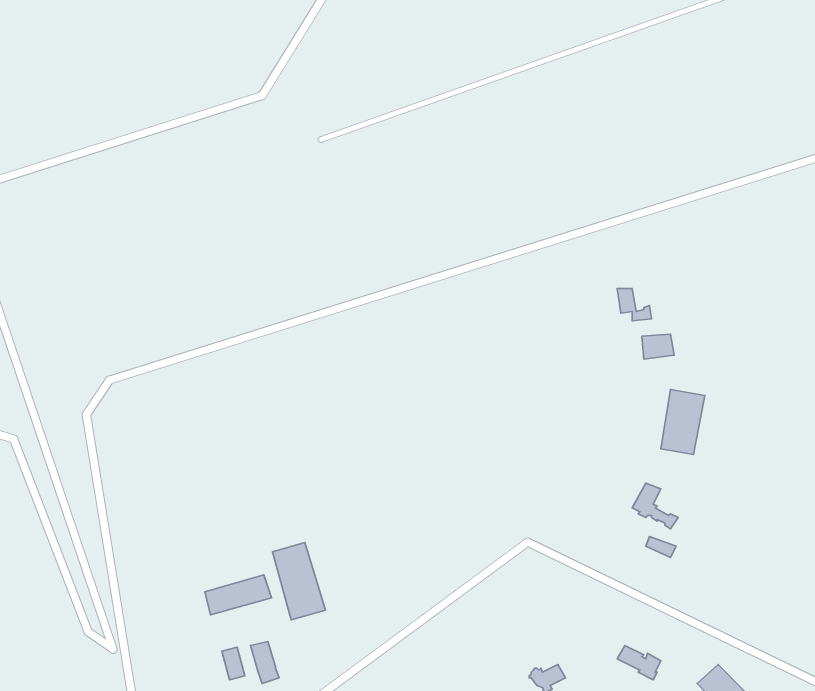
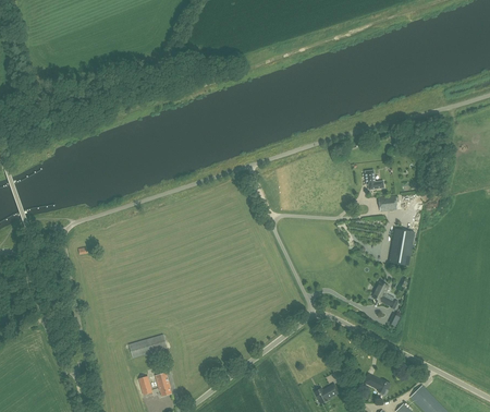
building: [272,542,325,620] -> none

